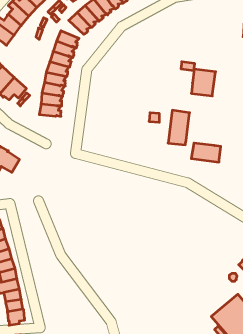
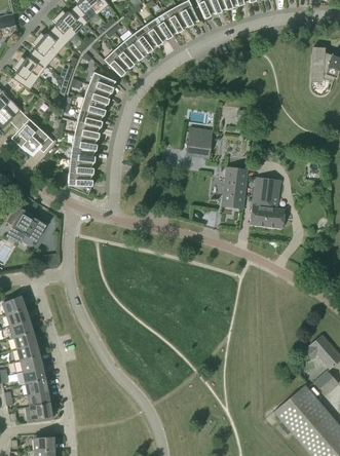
building: [191,69,216,96] -> [253,177,281,208]
building: none -> [187,130,213,156]
building: none -> [68,172,93,195]

